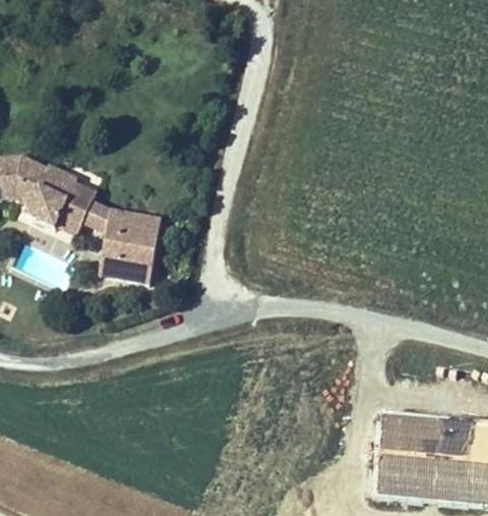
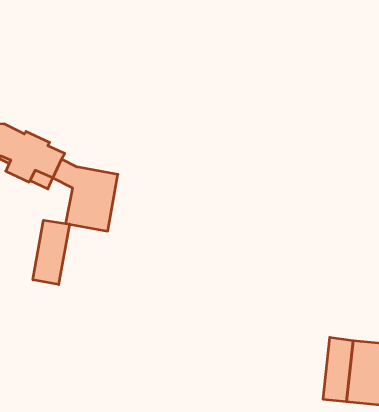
building: none -> [33,220,69,285]
building: [370,411,417,490] -> none

